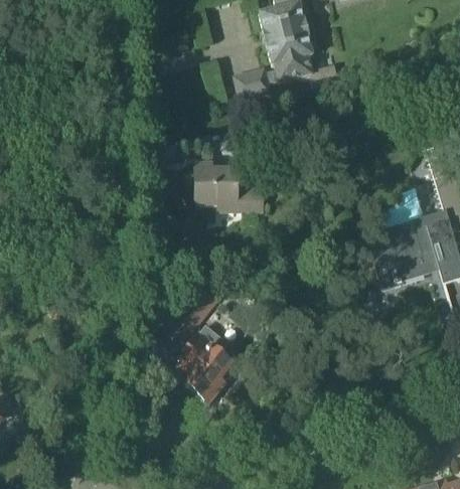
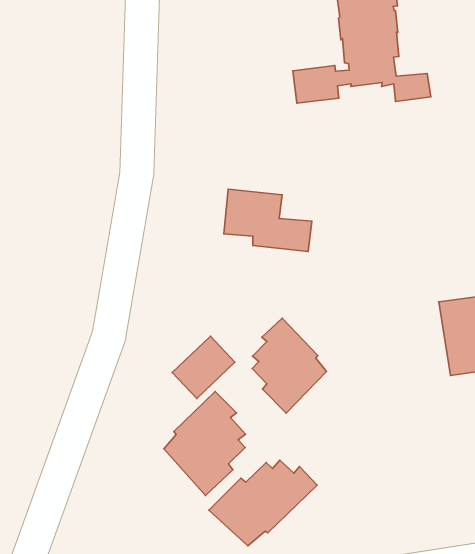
building: none -> [252,318,327,413]
building: none -> [209,460,317,546]

